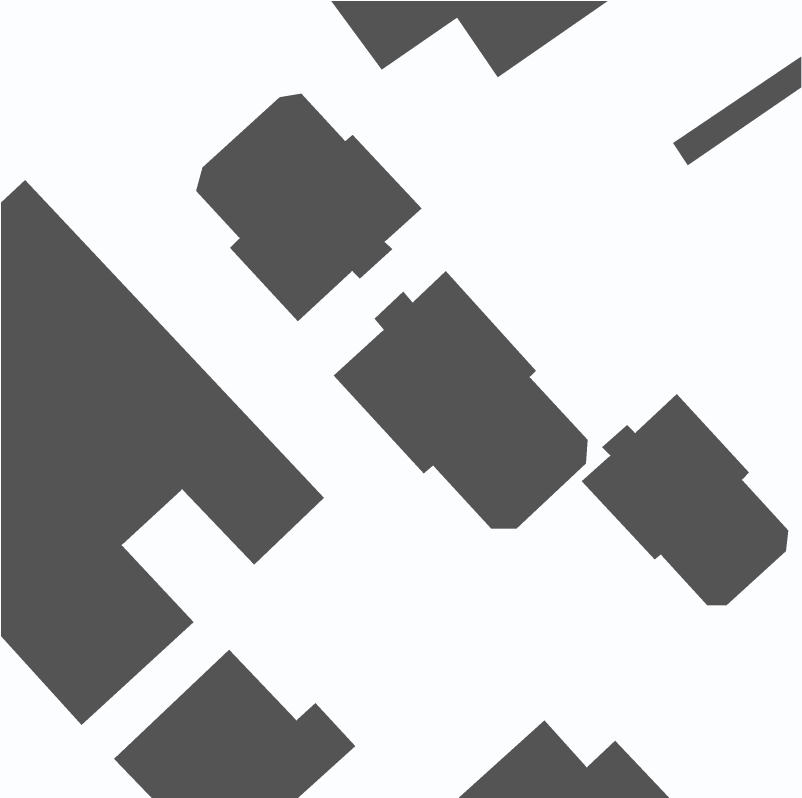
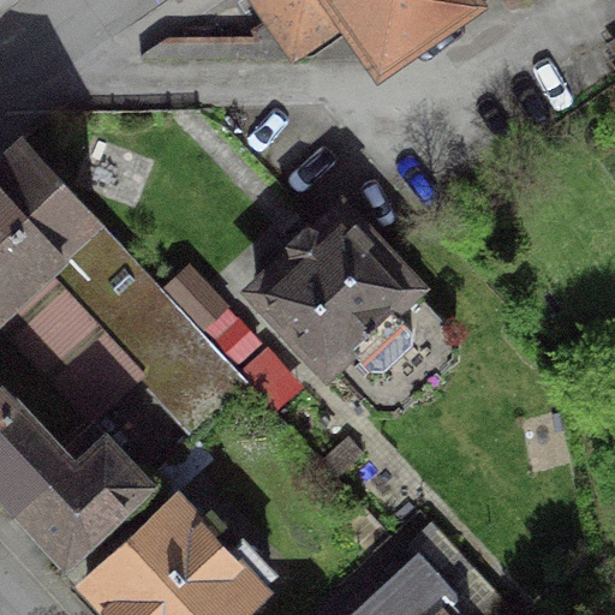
building: [195,93,422,322] -> none
building: [581,393,789,606] -> none

